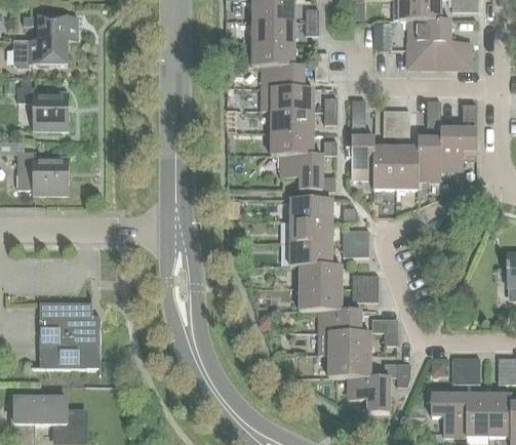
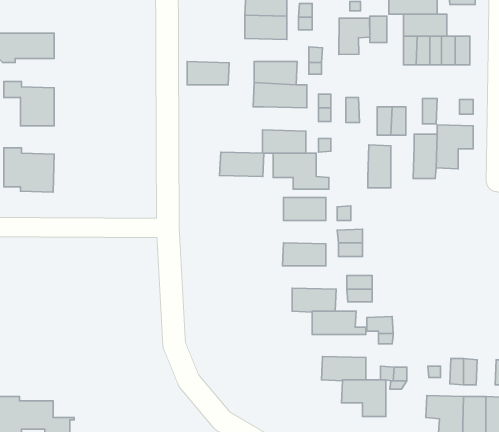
building: [22,15,77,40] -> none
building: none -> [339,18,370,54]
building: [252,44,293,67] -> [187,62,229,85]
building: [270,111,313,134] -> [220,152,264,176]
building: [351,138,374,179] -> none
building: [395,149,418,190] -> none
building: [290,221,331,244] -> none
building: [299,265,342,288] -> none
building: [31,295,101,374] -> none
building: [318,332,370,355] -> none

